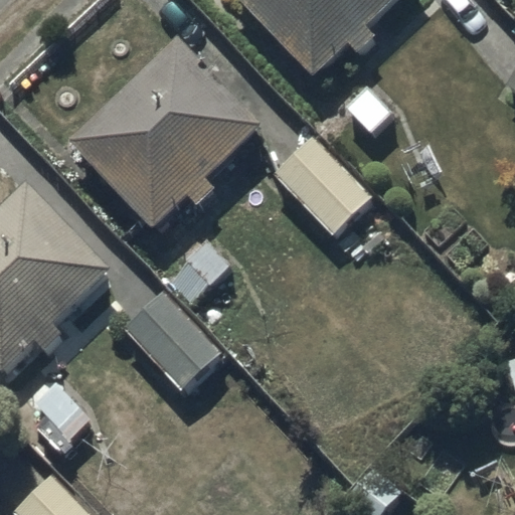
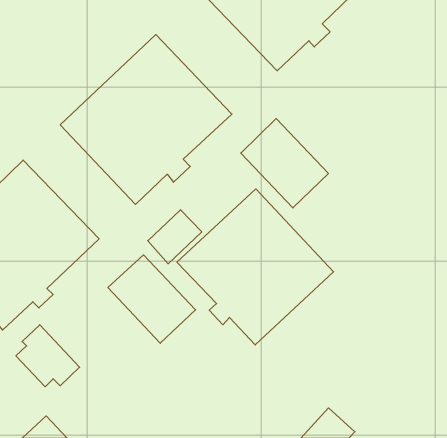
building: none -> [177,189,334,345]

